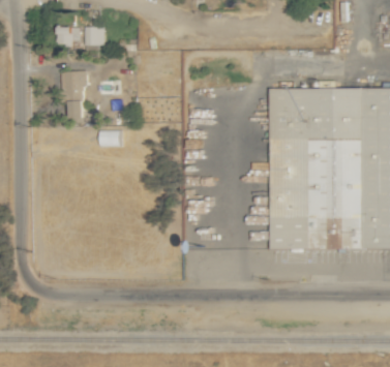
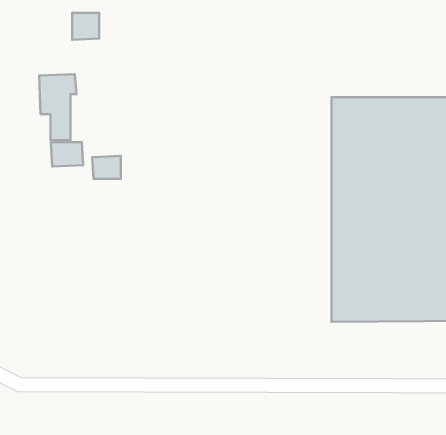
building: [56,27,79,47] -> none
building: none -> [51,142,83,167]

